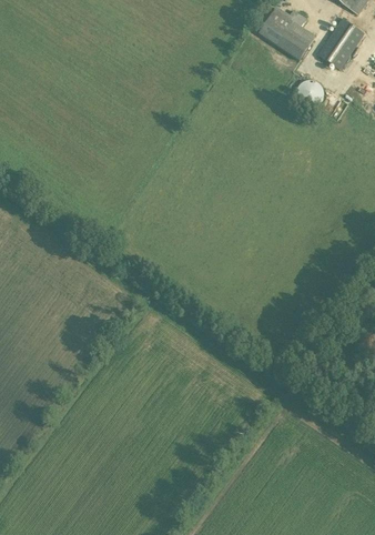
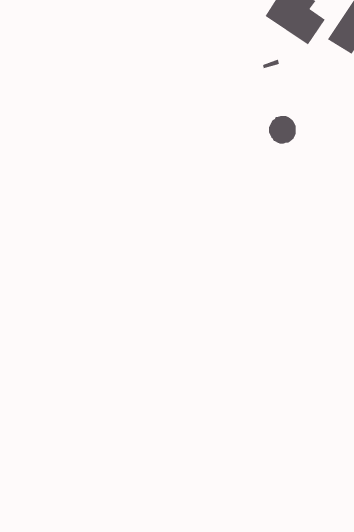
building: [296,80,323,108] -> [268,115,297,145]

